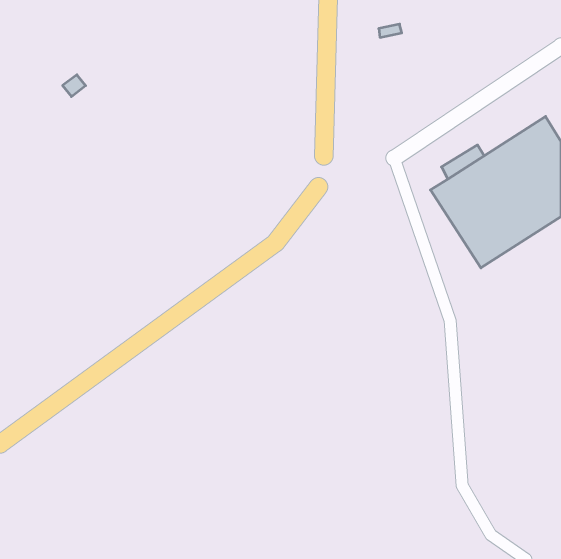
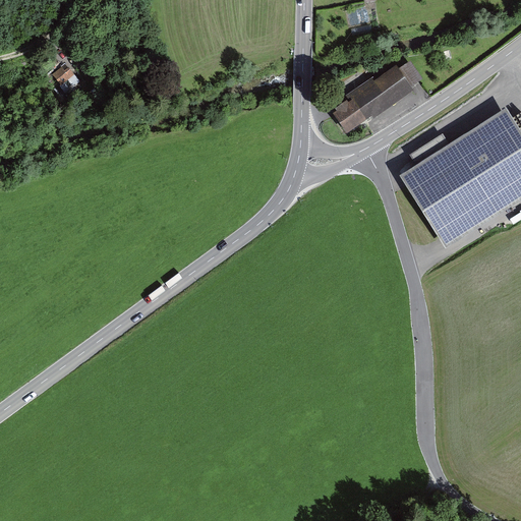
building: none -> [331,61,423,130]

